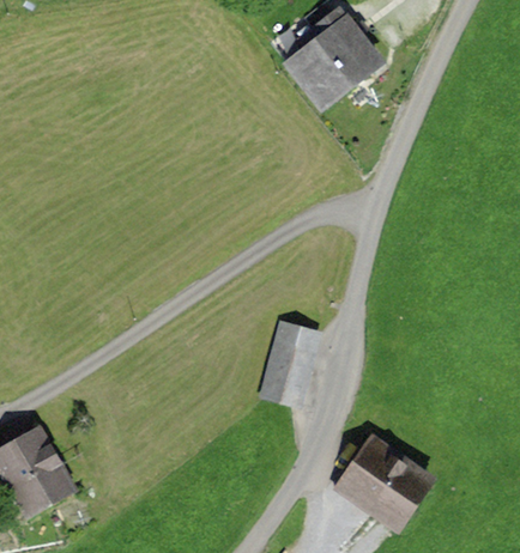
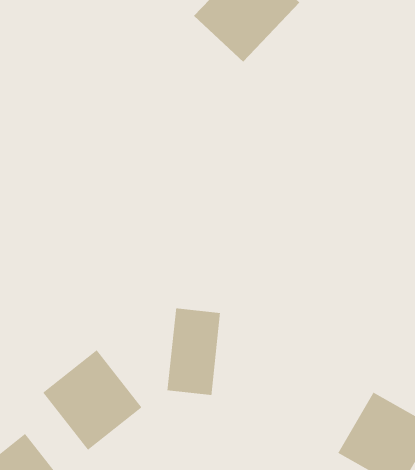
building: [254,322,319,413] -> [167,307,221,396]
building: none -> [42,349,142,451]

